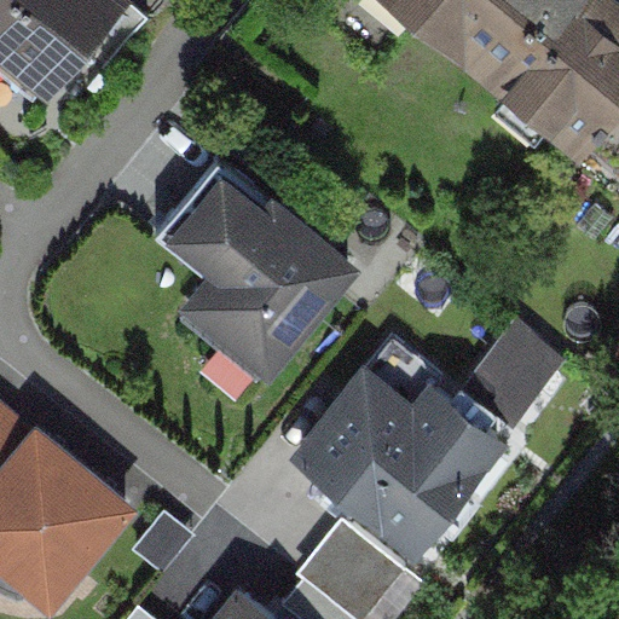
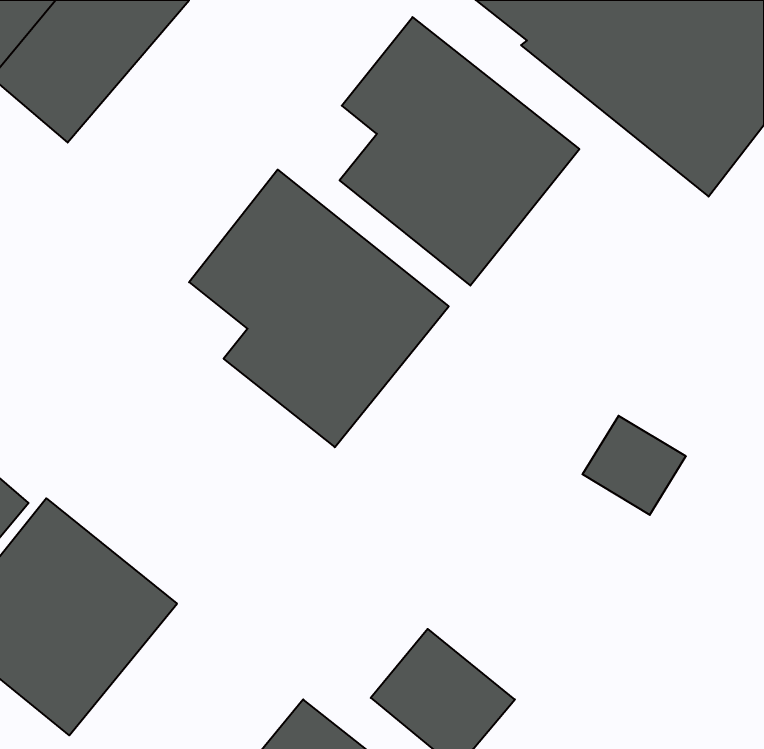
building: none -> [340,17,579,286]
building: [291,334,516,555] -> none

